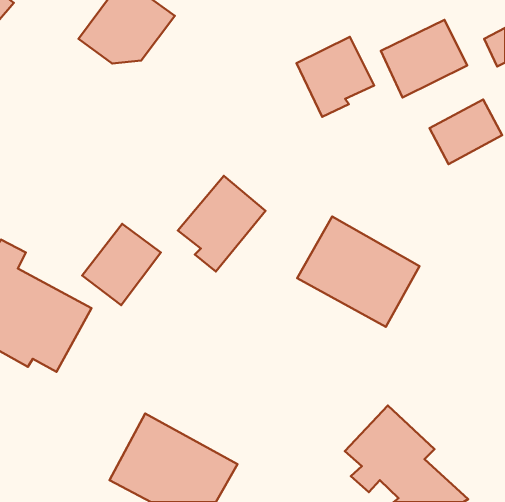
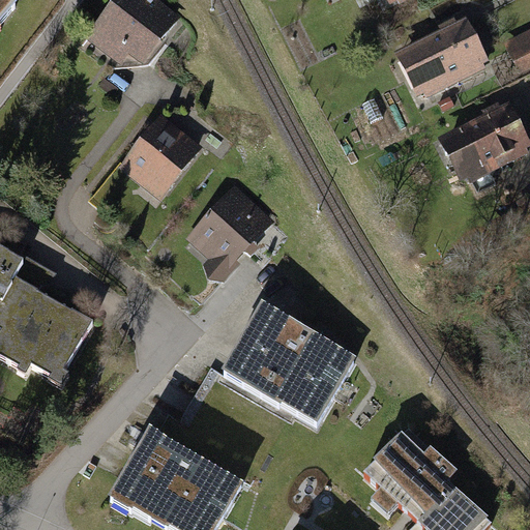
building: [297,37,374,117] -> none
building: [297,216,420,327] -> [226,306,353,421]
building: [82,224,161,305] -> [119,116,201,201]

